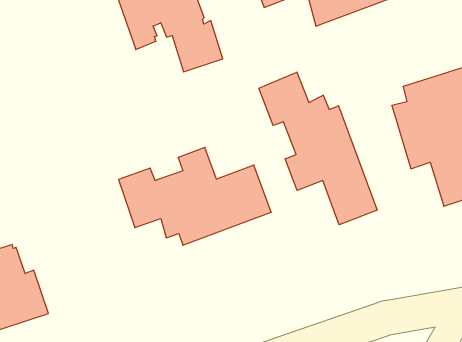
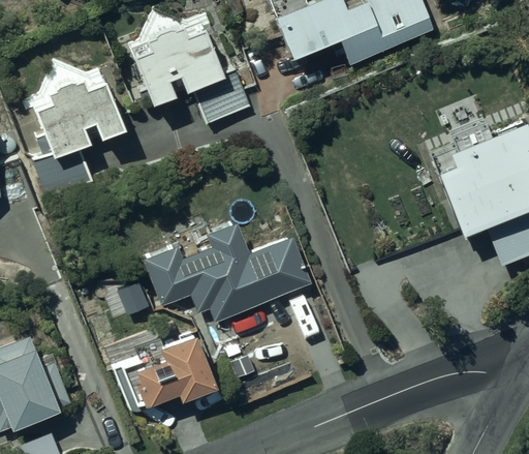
building: none -> [30,70,127,213]
building: [259,72,377,225] -> none
building: none -> [135,323,217,401]

